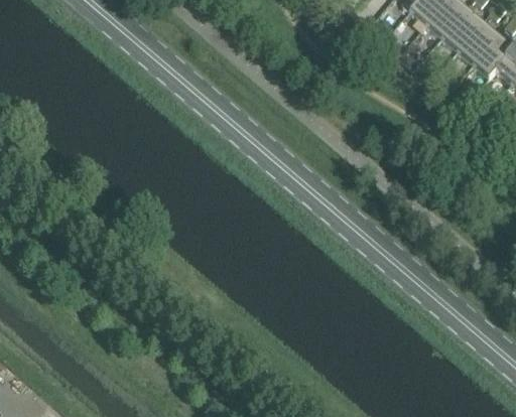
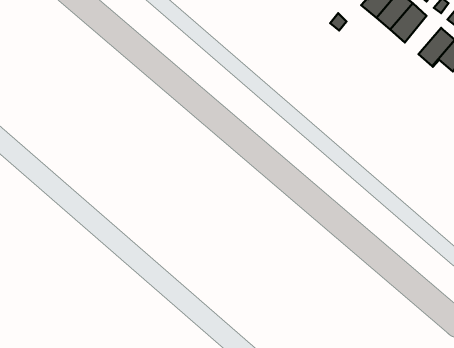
building: [459,21,499,63] -> none

